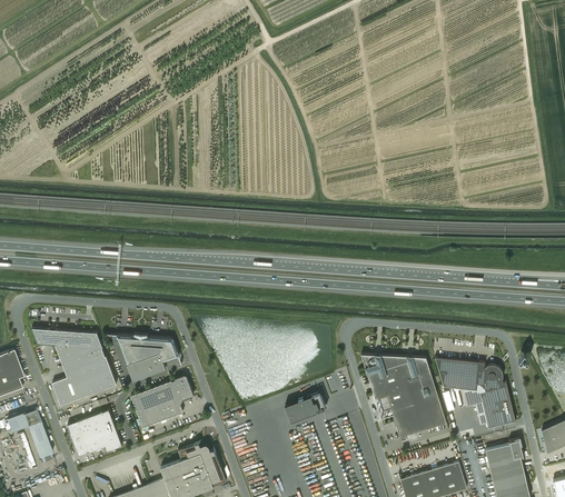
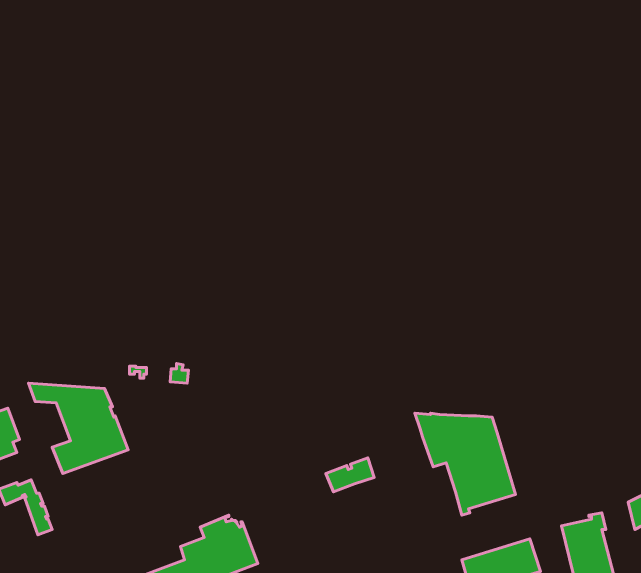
building: [108,334,179,381] -> none
building: [434,358,514,428] -> none
building: [130,376,192,428] -> none
building: [67,410,121,457] -> none

